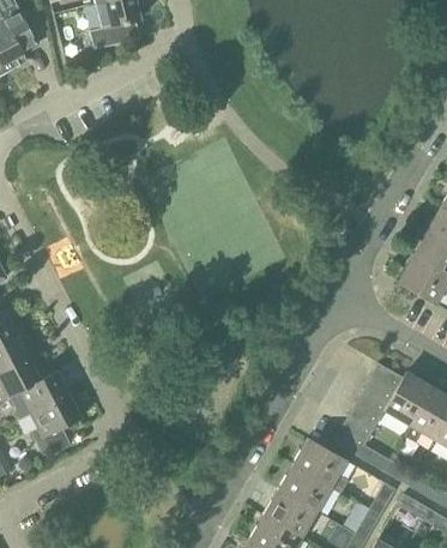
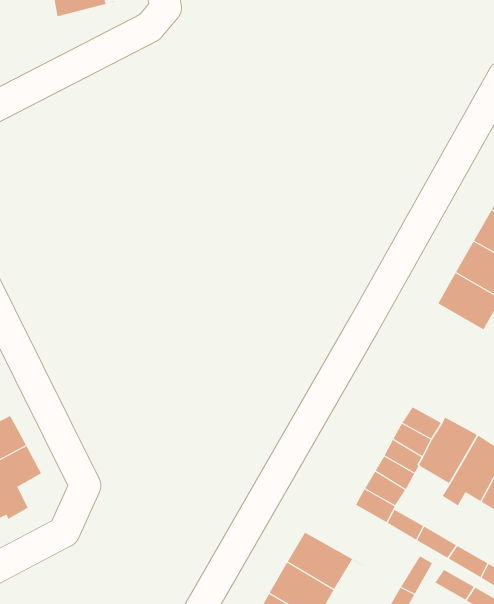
building: [292,439,348,492] -> none

